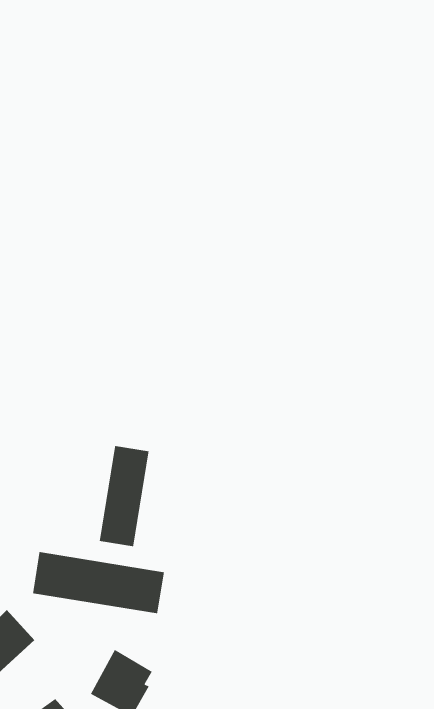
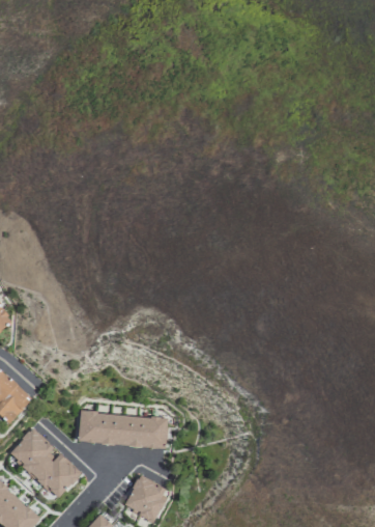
building: [99,445,149,547] -> none

